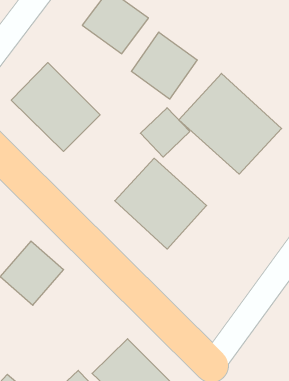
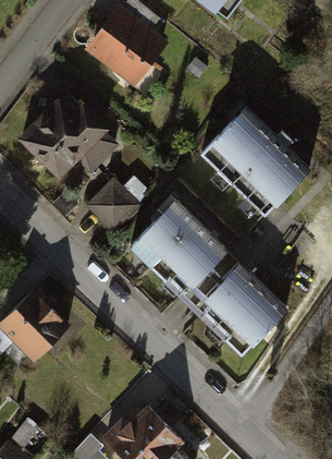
building: [131,32,197,99] -> none
building: [140,108,190,157] -> [85,178,139,232]
building: none -> [206,266,294,355]

